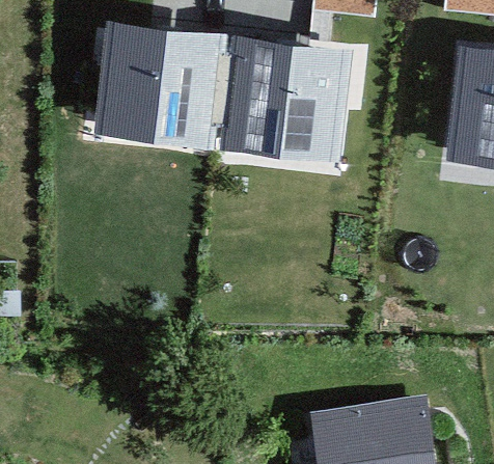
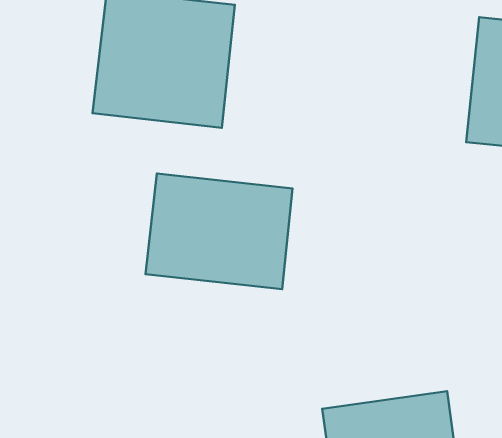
building: [221,35,354,163] -> none
building: none -> [145,173,293,289]

